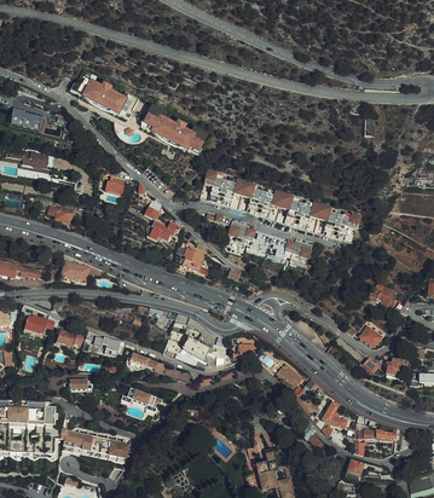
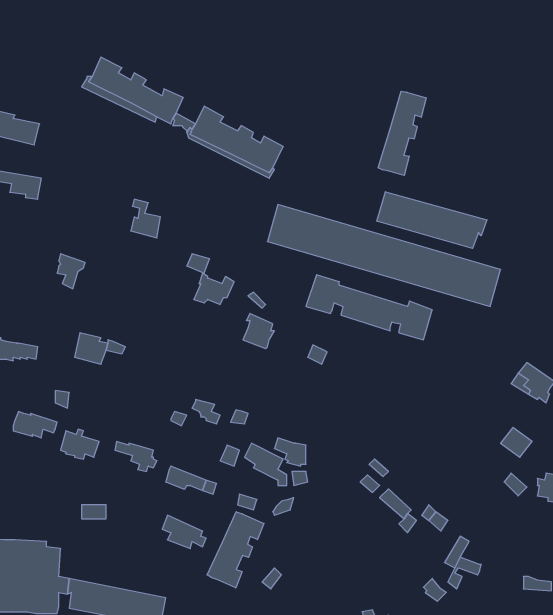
building: none -> [378,91,426,175]
building: none -> [377,192,487,248]
building: none -> [207,512,264,588]

